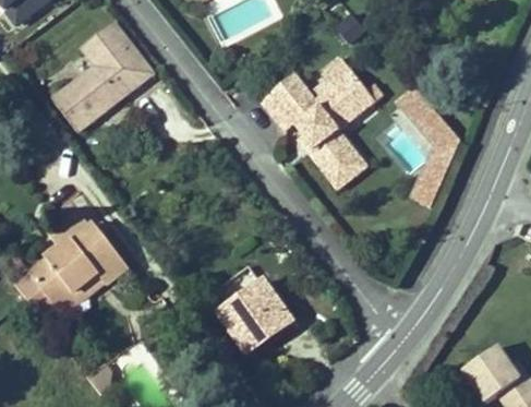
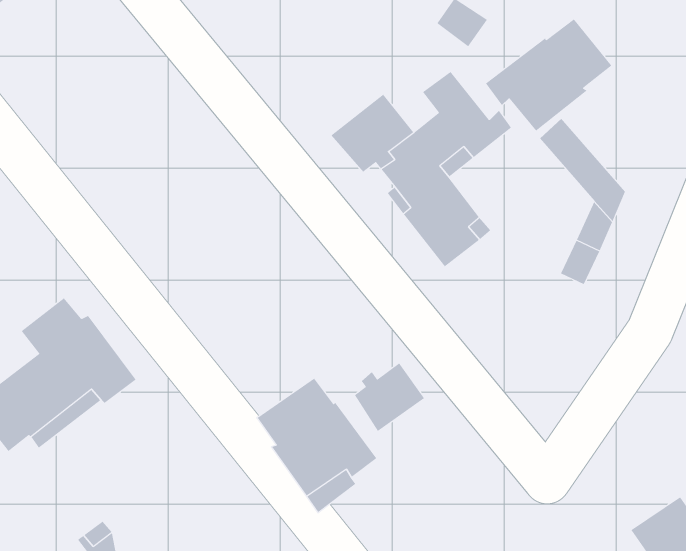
building: [52,22,154,132] -> none
building: none -> [485,19,612,131]
building: none -> [354,362,425,432]

